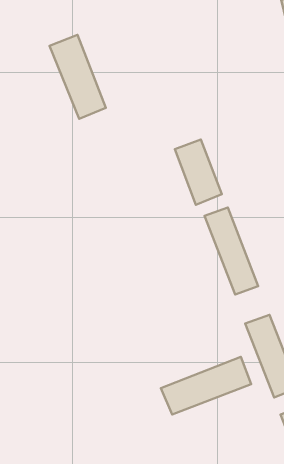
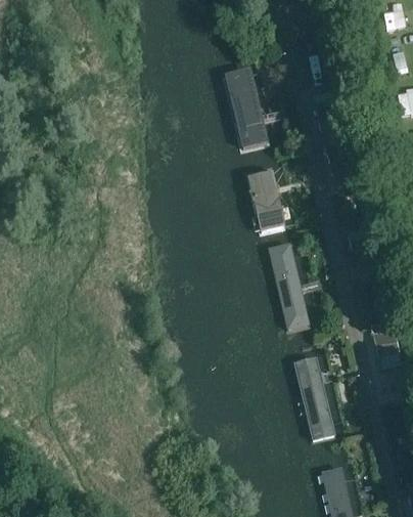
building: [49,35,106,119] -> [224,67,272,152]
building: [161,357,251,415] -> none

